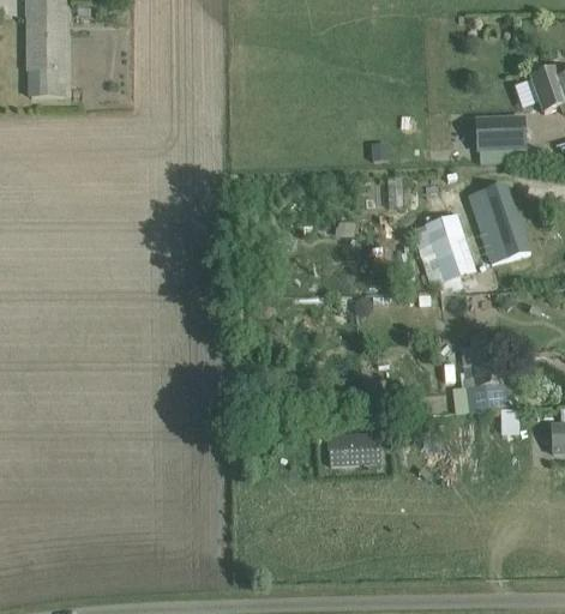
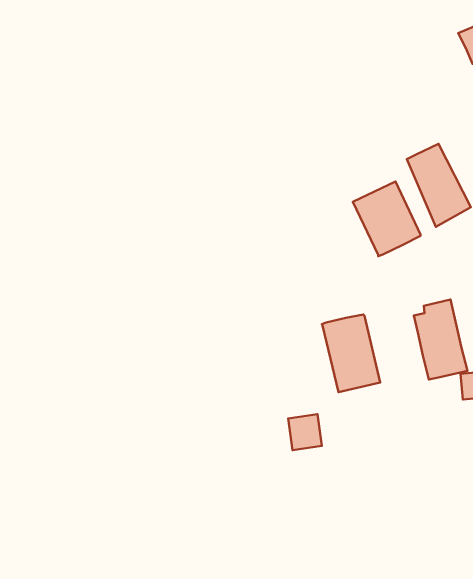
building: [475,118,527,163] -> none
building: none -> [322,315,380,392]

